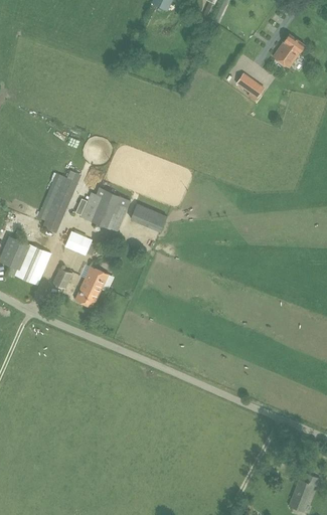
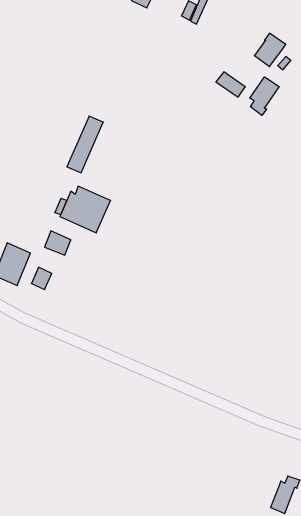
building: none -> [250,77,279,115]
building: [41,176,77,232] -> [67,116,103,173]
building: [130,203,165,230] -> none
building: [74,266,108,307] -> none

